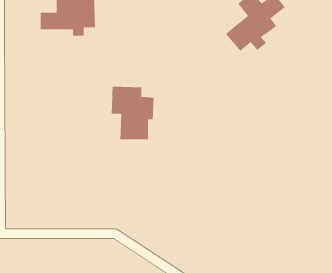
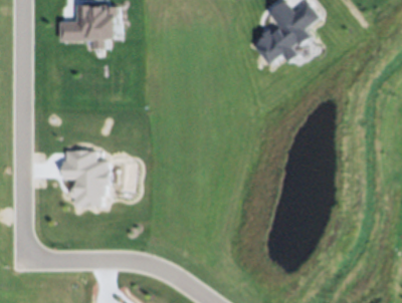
building: [111,86,155,140] -> [63,149,110,207]

